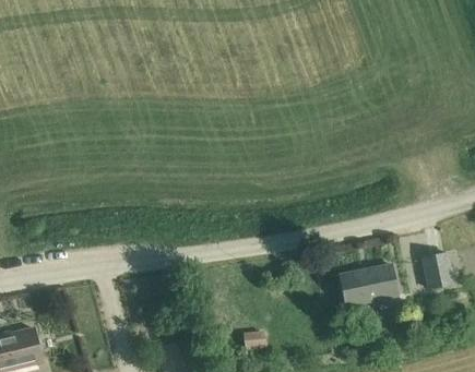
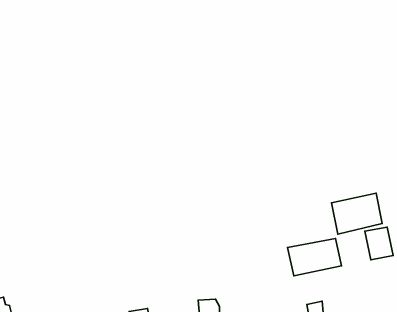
building: none -> [331,193,382,234]

